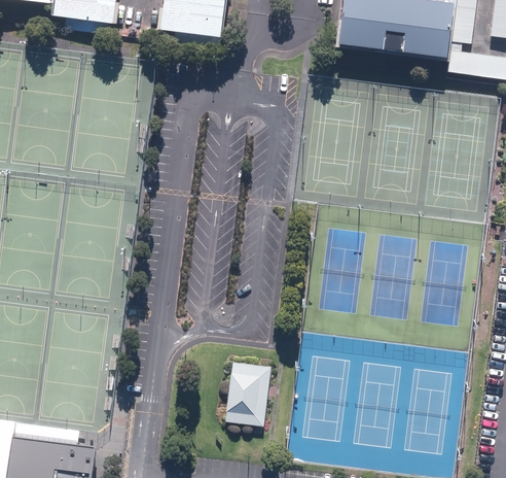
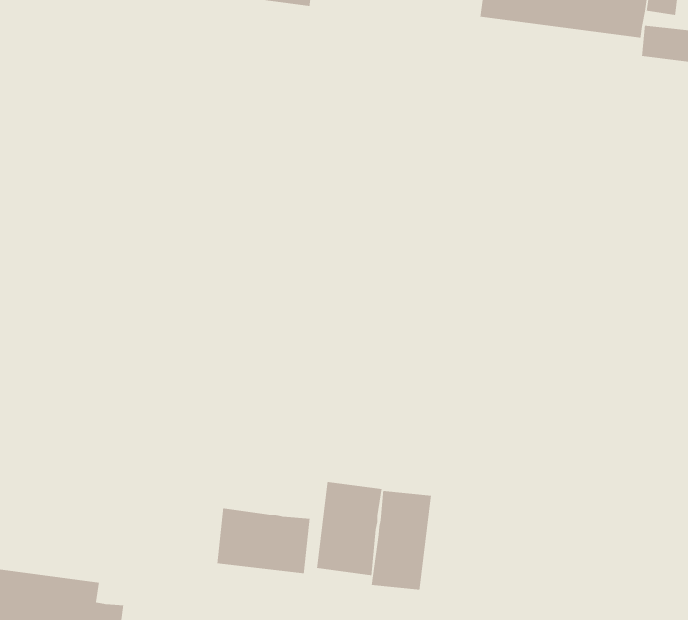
building: none -> [371,490,432,591]
building: none -> [217,507,310,574]

